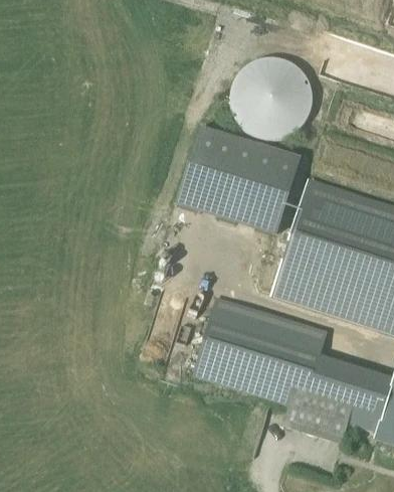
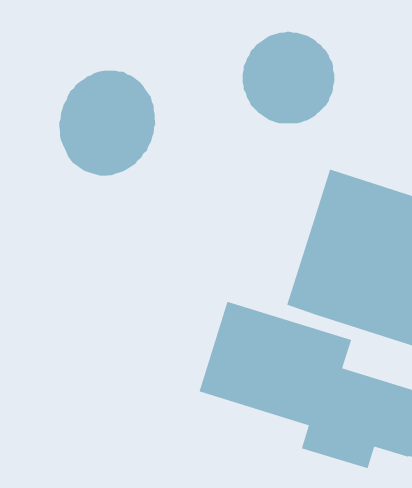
building: none -> [58,70,156,176]
building: [175,126,302,235] -> none

